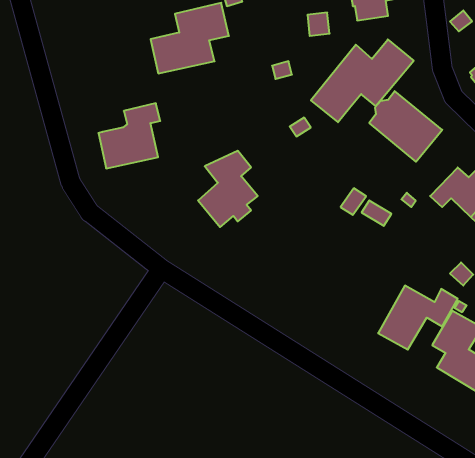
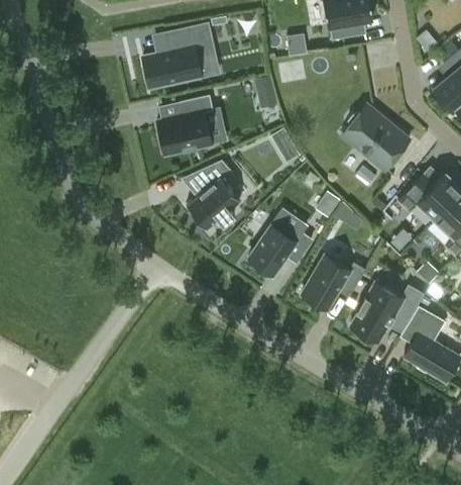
building: [311,39,414,122] -> none
building: [98,103,160,168] -> [156,94,213,154]
building: none -> [248,218,311,275]
building: none -> [301,255,365,309]

